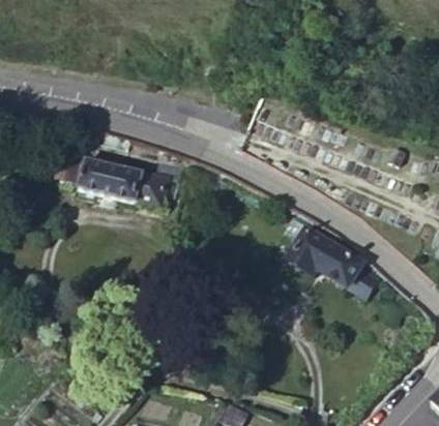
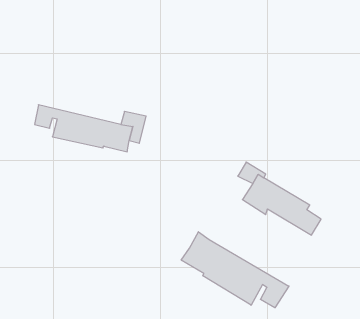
building: none -> [181,232,289,308]

